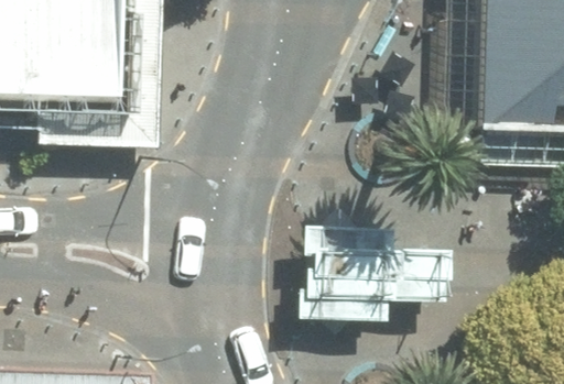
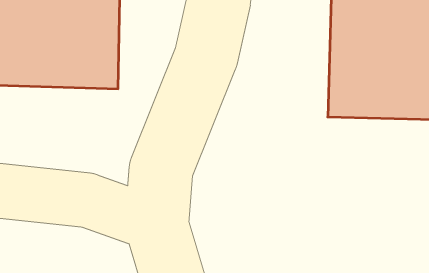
building: [302,226,455,321] -> none

